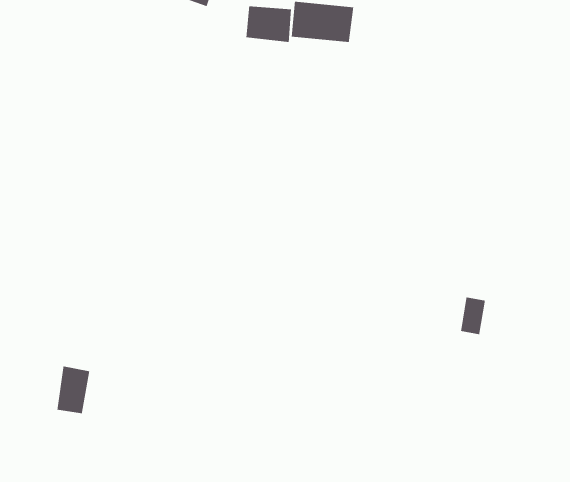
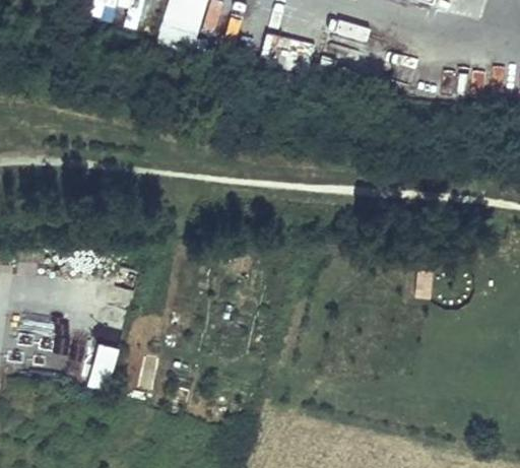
building: [245,5,292,43] -> none

